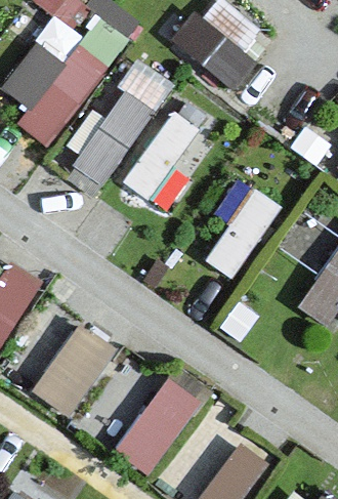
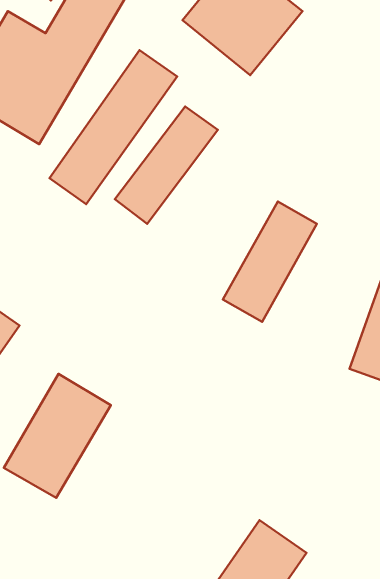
building: [113,375,205,475] -> none

